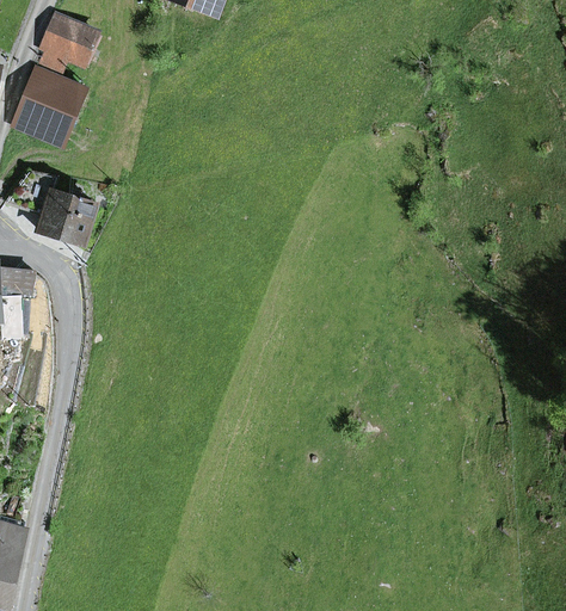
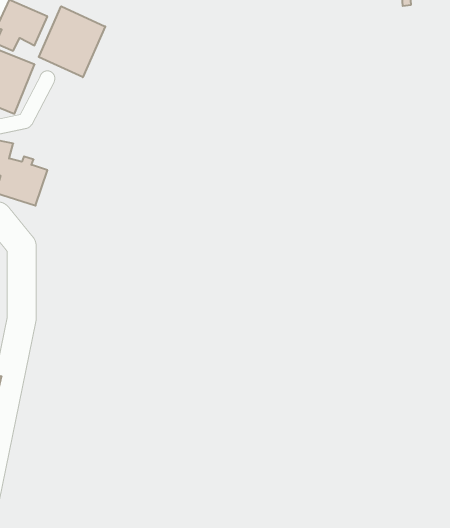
building: none -> [39,6,105,77]

